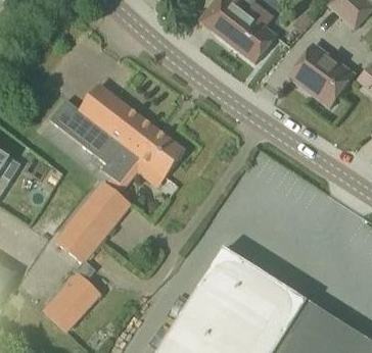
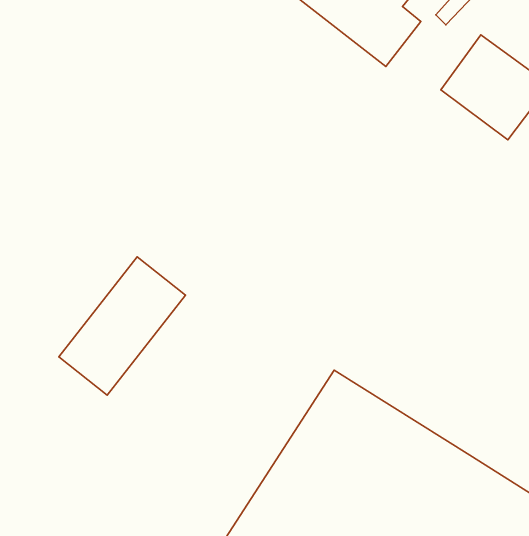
building: [50,85,185,184] -> none
building: [42,261,99,331] -> none

